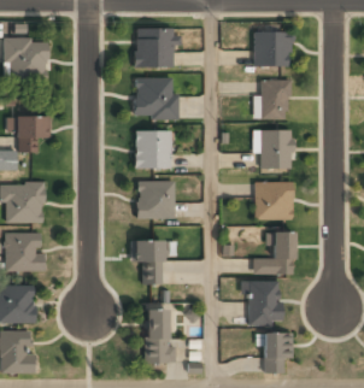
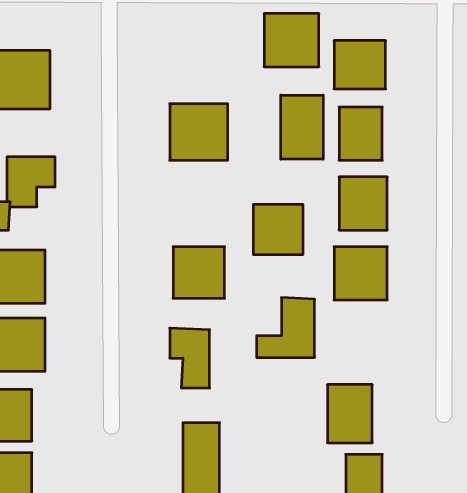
building: [135,28,175,66] -> [264,14,319,67]
building: none -> [281,95,323,159]
building: [135,131,171,167] -> [253,205,303,254]
building: [253,231,295,275] -> [257,298,315,357]

